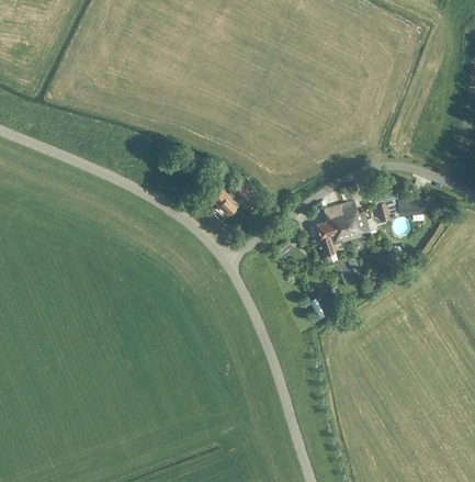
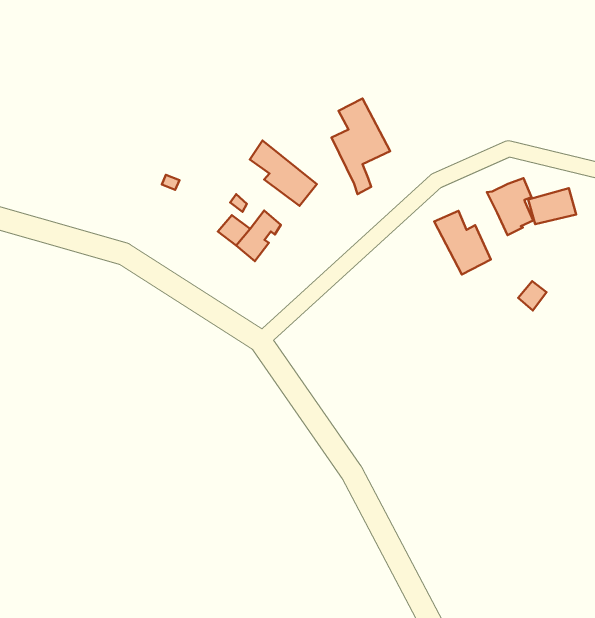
building: none -> [250,141,317,206]
building: [314,206,348,264] -> [331,98,390,194]

